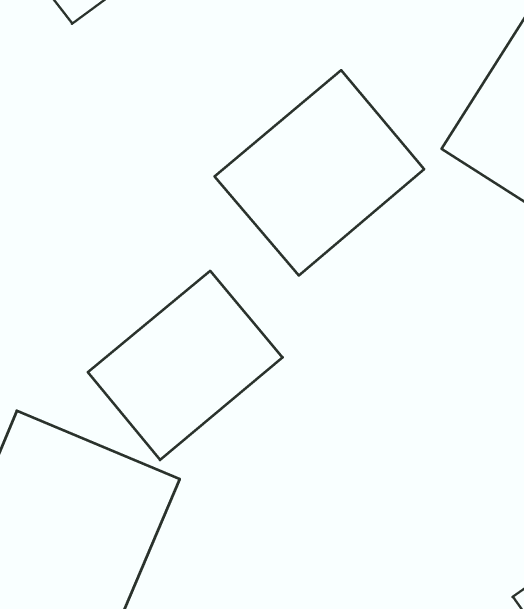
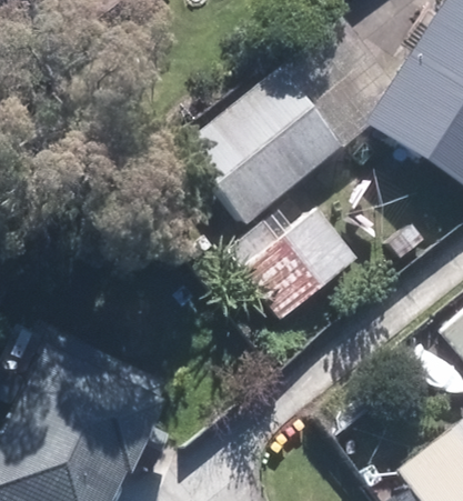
building: none -> [235,200,358,317]
building: [88,271,283,460] -> none

